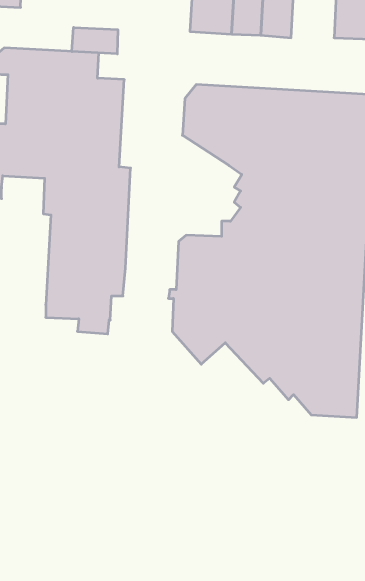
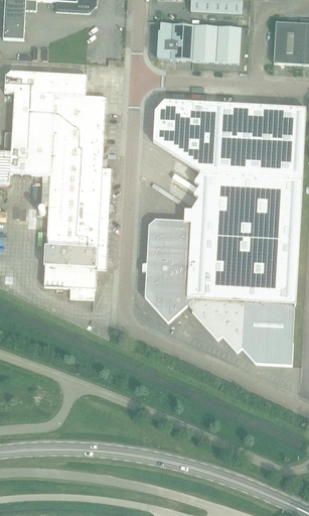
building: [72,27,118,54] -> none

